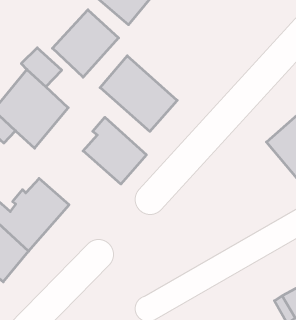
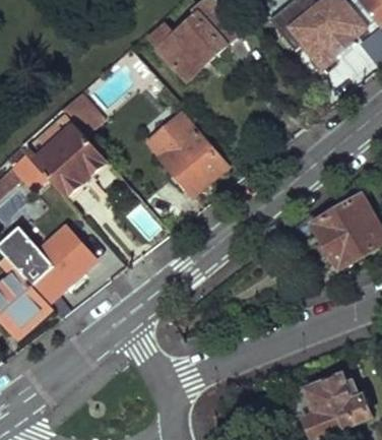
building: [52,10,119,77] -> none
building: [83,117,146,184] -> none

